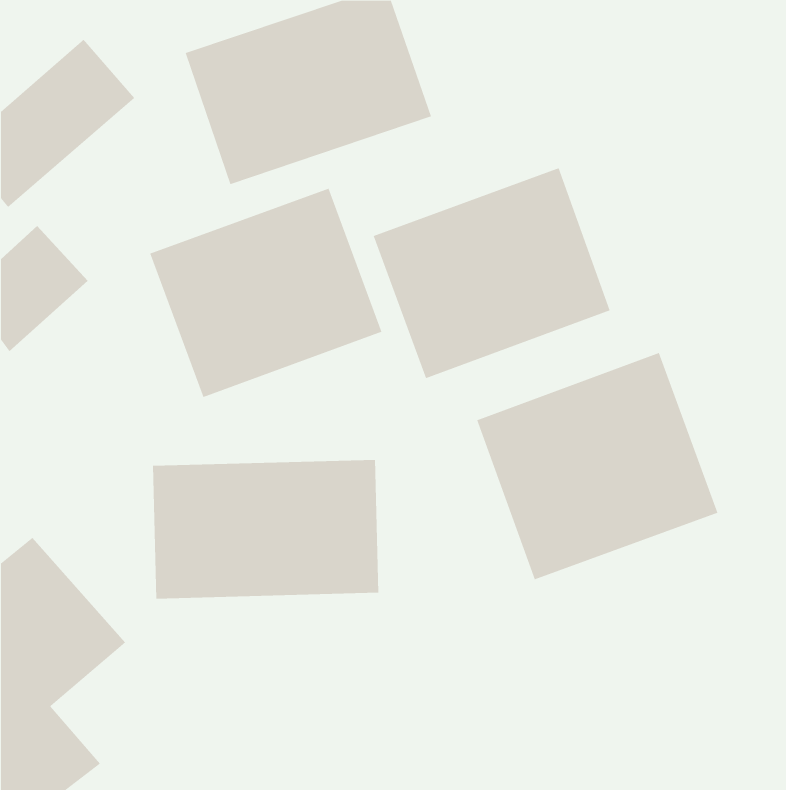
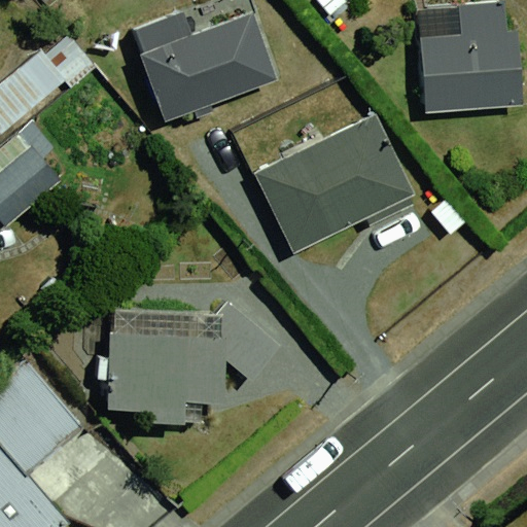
building: none -> [416,20,521,121]
building: [150,188,382,398] -> none
building: [476,352,718,580] -> none

